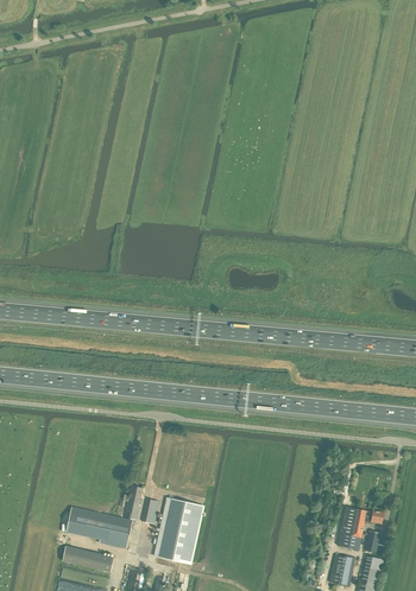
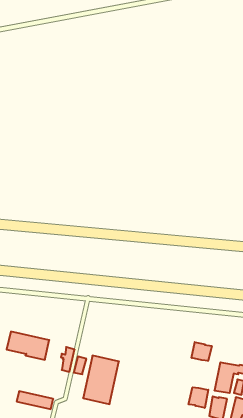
building: none -> [192,342,212,361]
building: [73,508,132,547] -> [7,332,49,360]
building: none -> [189,387,208,408]

